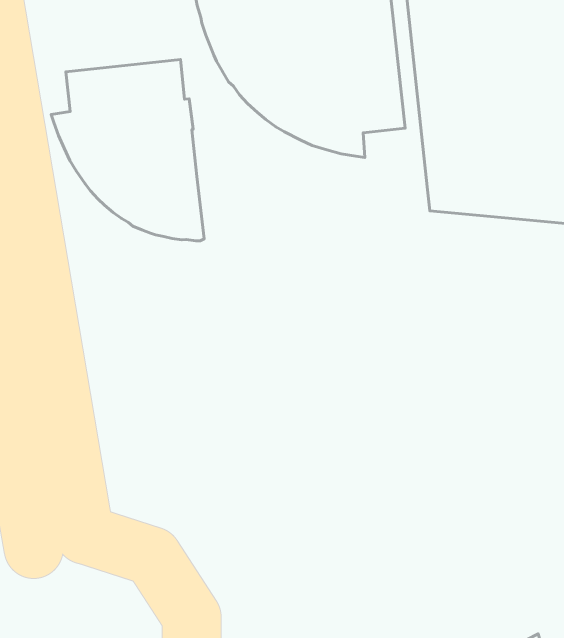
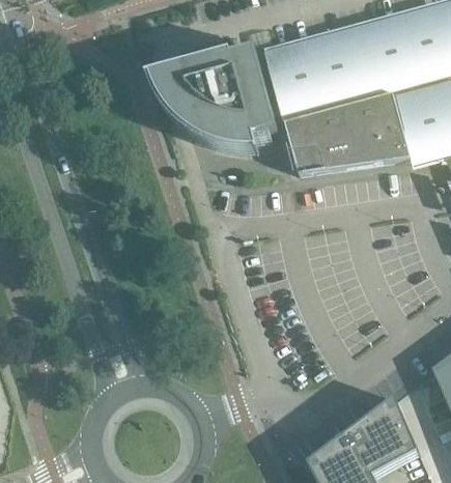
building: [51,60,204,241] -> none

